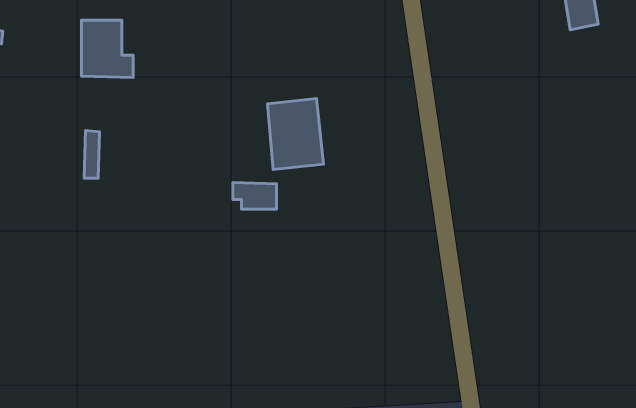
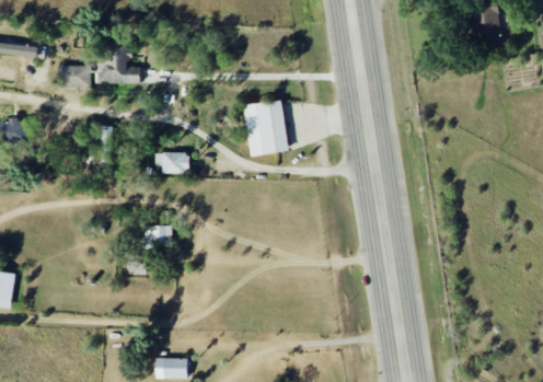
building: none -> [58,66,90,89]
building: [233,183,276,209] -> [155,152,189,173]
building: none -> [145,225,172,245]

